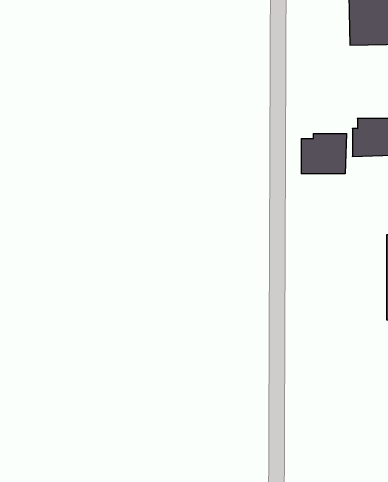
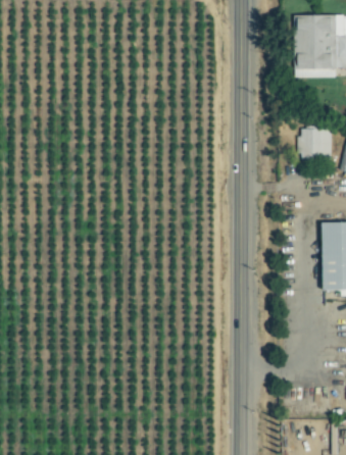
building: [301,134,347,174] -> none

